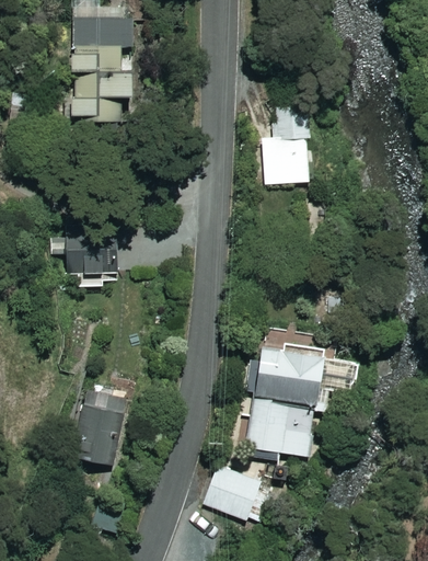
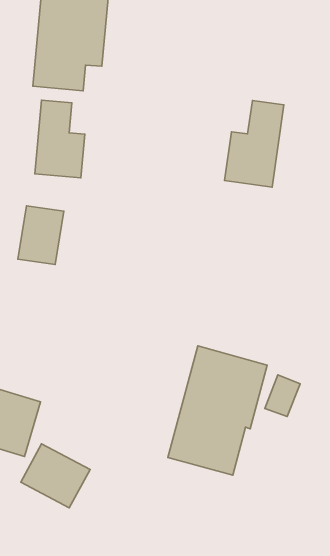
building: none -> [35,100,85,178]
building: [198,463,261,519] -> [21,444,90,508]

